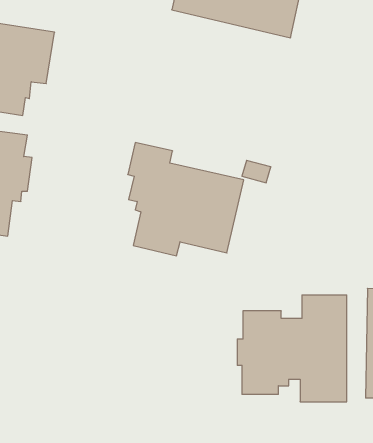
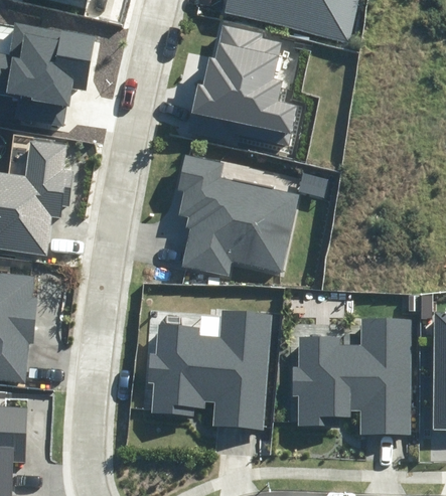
building: none -> [192,24,296,147]
building: none -> [149,312,274,431]

